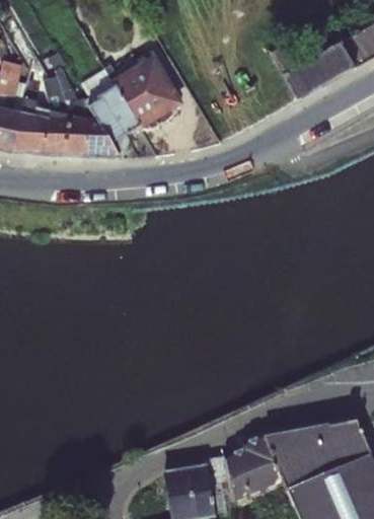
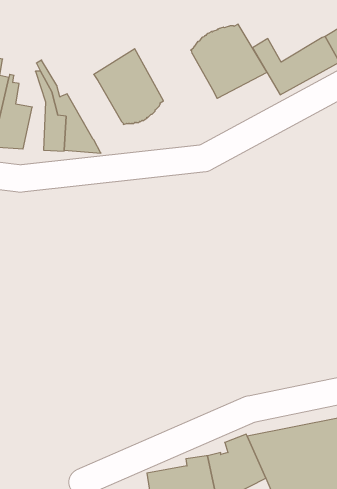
building: none -> [191,24,267,98]
building: [81,66,139,142] -> none
building: [42,75,64,153] -> none

